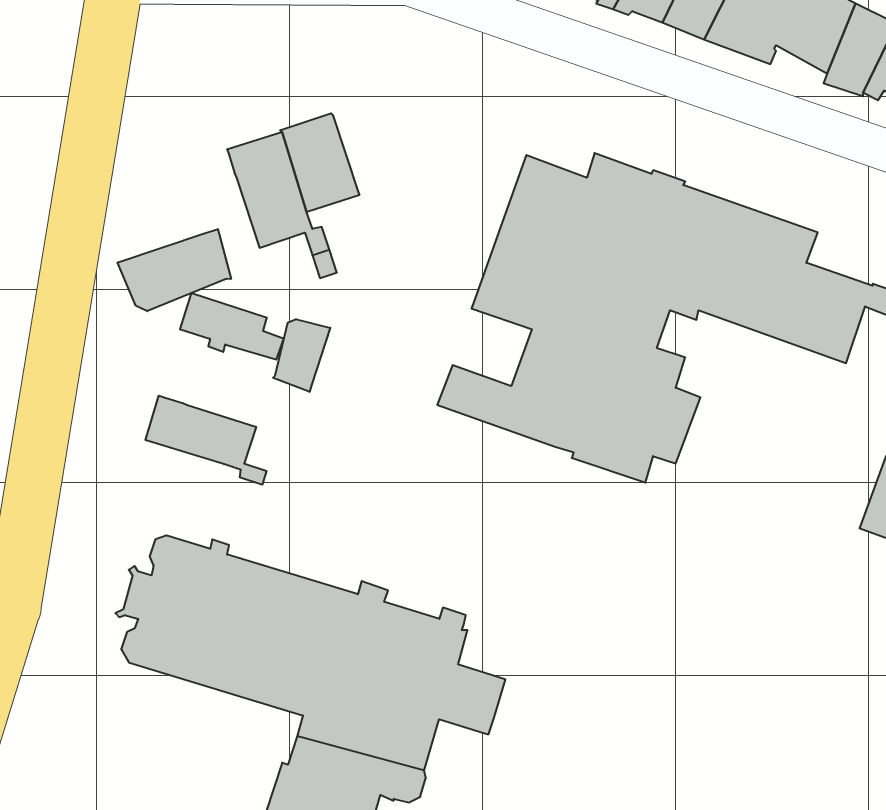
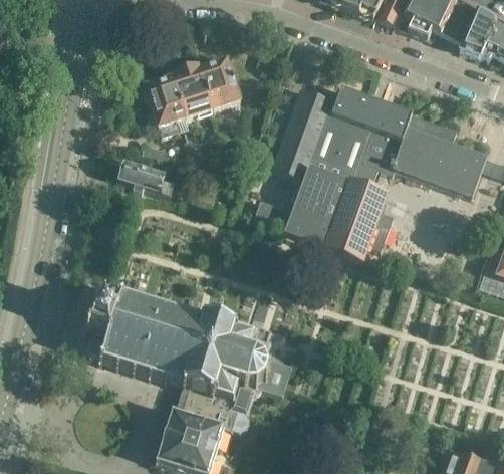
building: none -> [201,56,242,107]
building: [118,229,231,311] -> none
building: [273,319,330,392] -> none
building: [146,396,267,485] -> none

